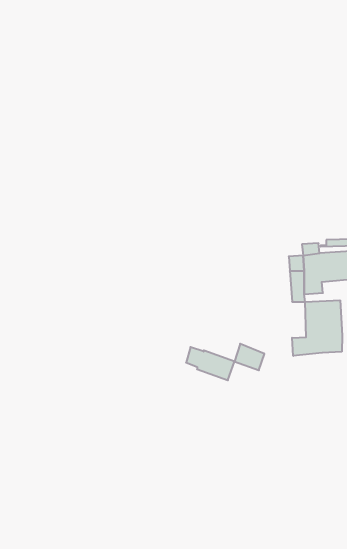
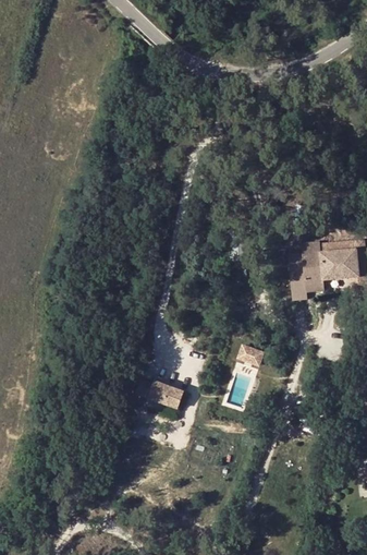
building: [292,300,342,356] -> none
building: [186,347,235,380] -> [134,379,182,412]

